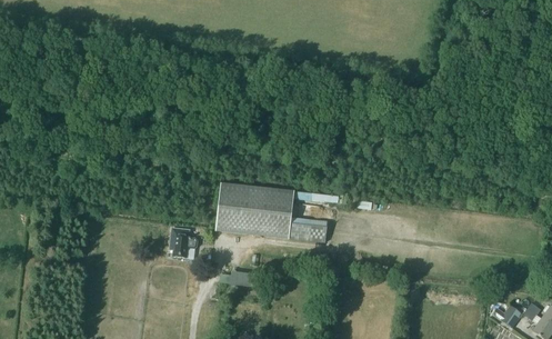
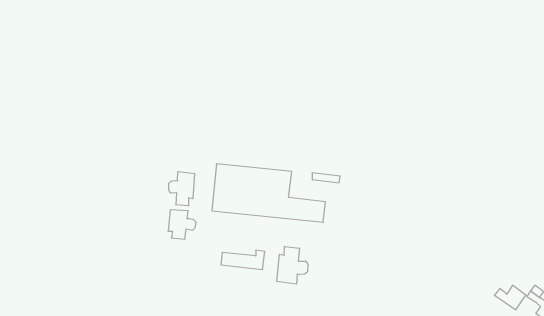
building: none -> [169,172,194,206]
building: none -> [277,246,308,284]

